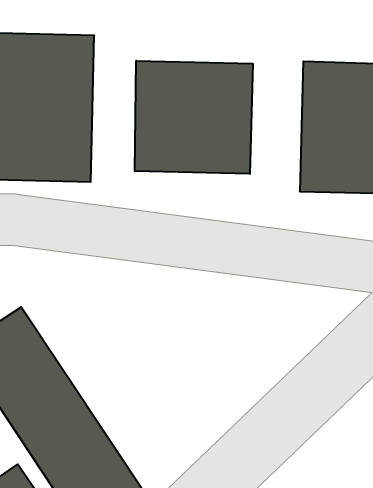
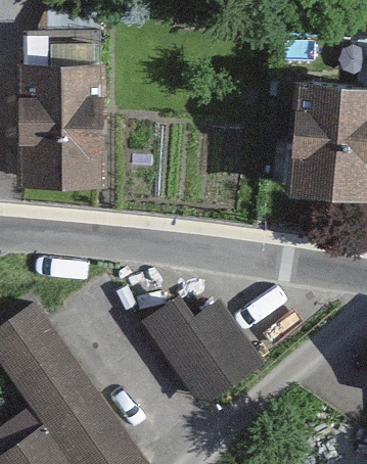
building: [135,61,253,174] -> none
building: none -> [148,295,265,404]

